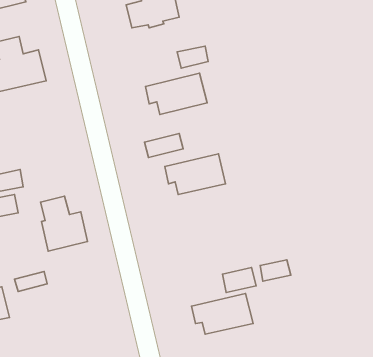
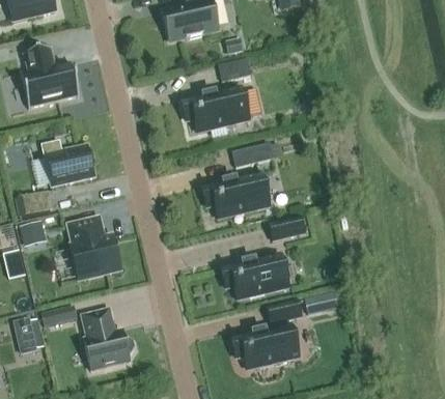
building: none -> [44,141,95,186]
building: [145,134,183,158] -> [232,142,274,168]
building: none -> [270,216,304,239]
building: none -> [223,254,289,298]
building: none -> [84,310,136,370]

